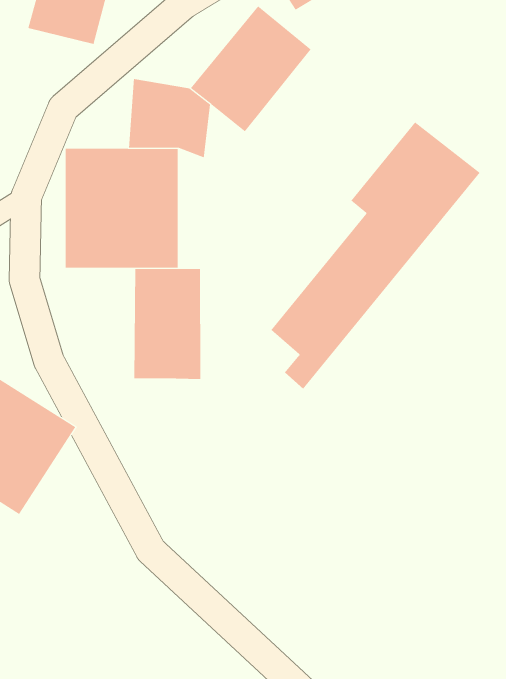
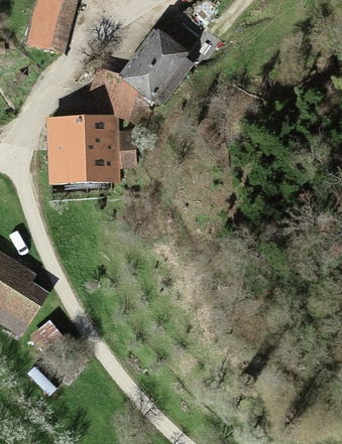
building: [270,121,481,389] -> none
building: [134,268,201,380] -> none

